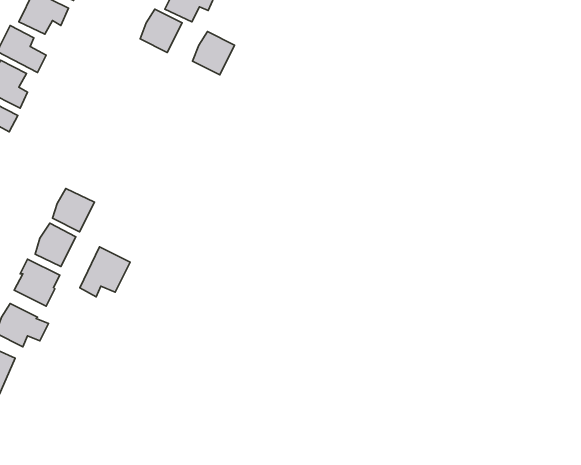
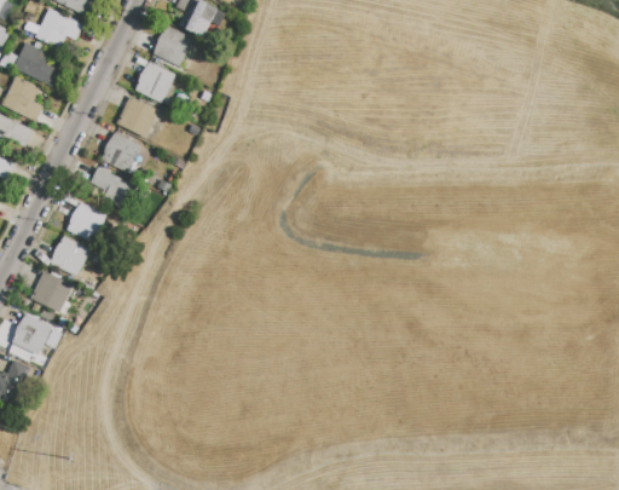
building: [193,32,235,75] -> [134,62,175,104]
building: none -> [116,96,158,138]
building: none -> [100,132,141,174]
building: none -> [88,167,137,211]
building: [80,247,130,297] -> none

